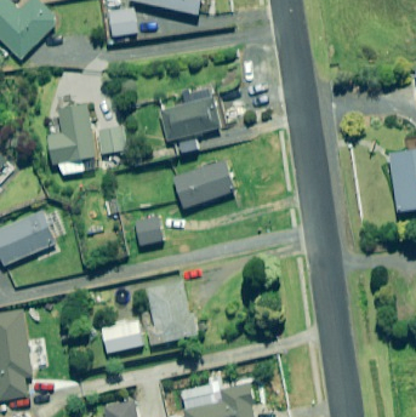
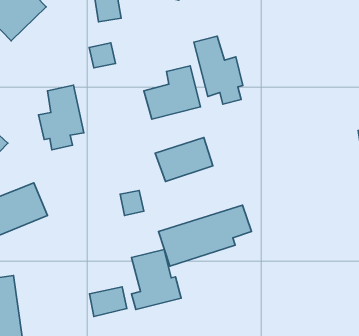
building: none -> [194,36,243,104]
building: [98,126,126,153] -> [89,43,115,68]
building: none -> [158,205,251,266]

